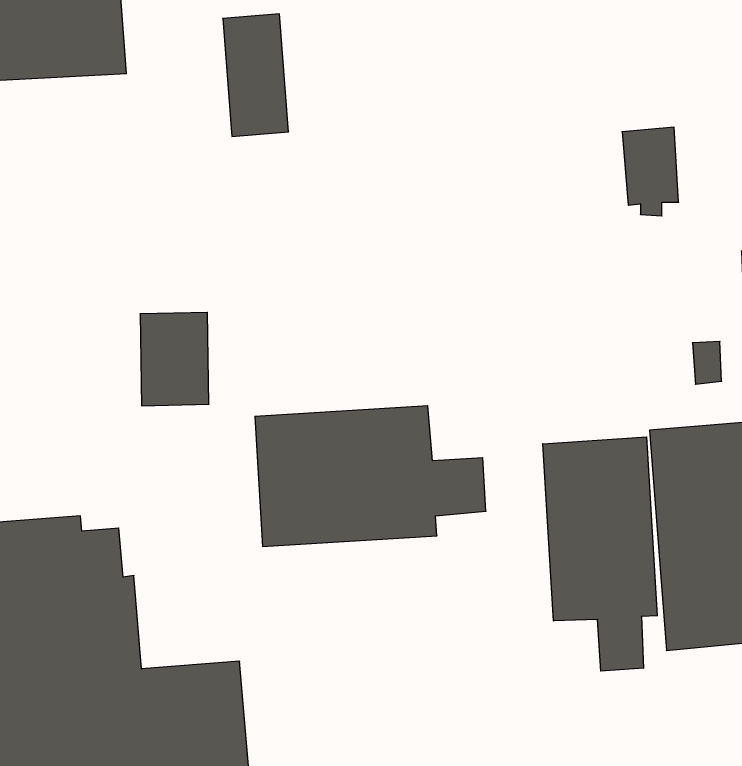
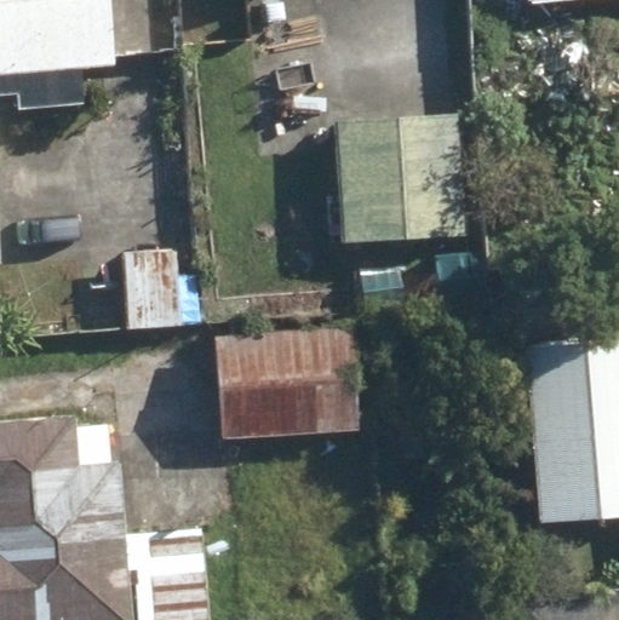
building: none -> [337,115,465,242]
building: [543,437,657,671] -> none

